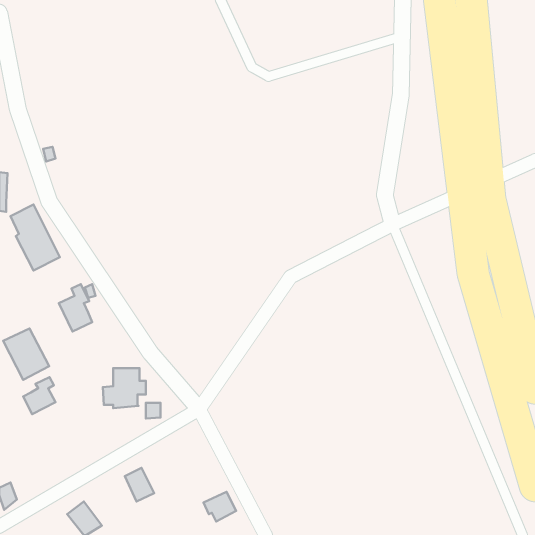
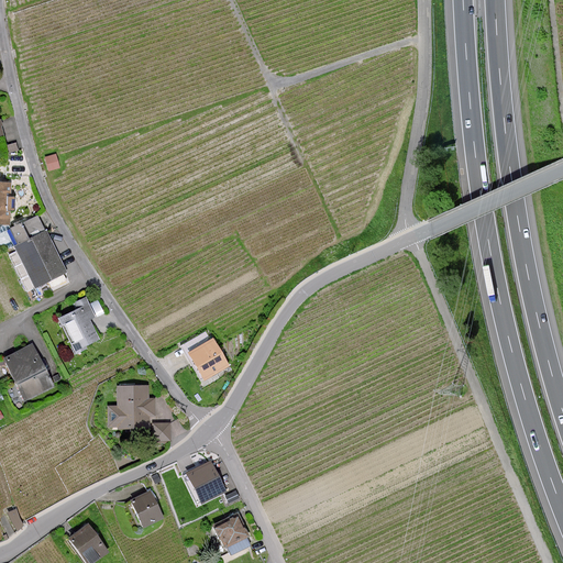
building: none -> [189,339,228,378]
building: [23,377,55,414] -> none
building: none -> [187,462,224,501]

